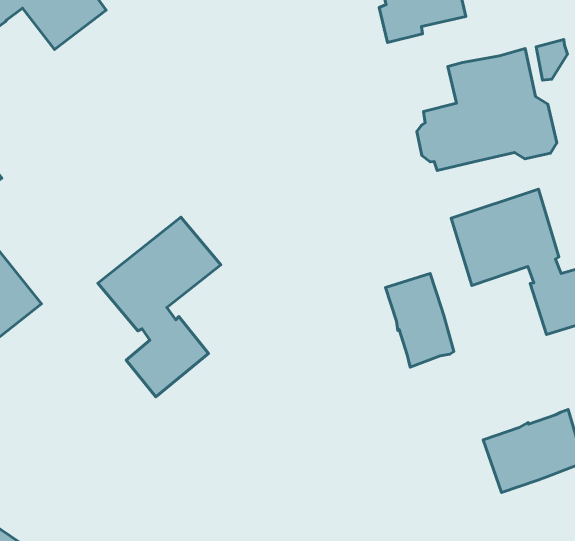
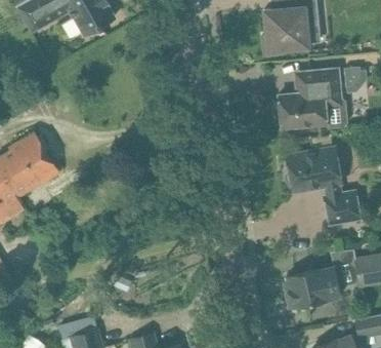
building: [98,217,221,397] -> none
building: [386,273,454,367] -> none

